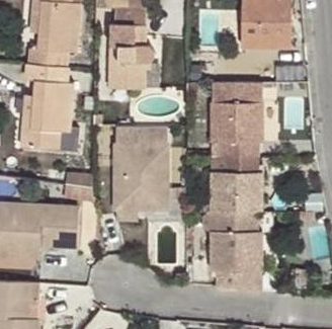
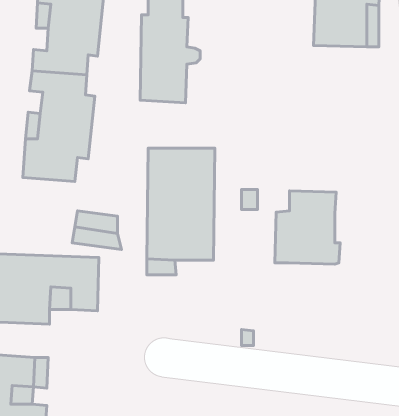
building: [213,82,262,157] -> none
building: [211,211,260,289] -> none

